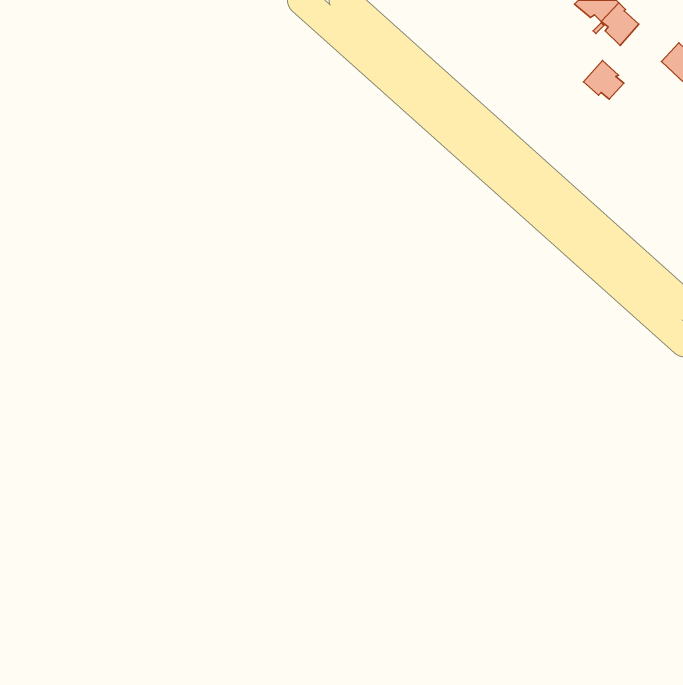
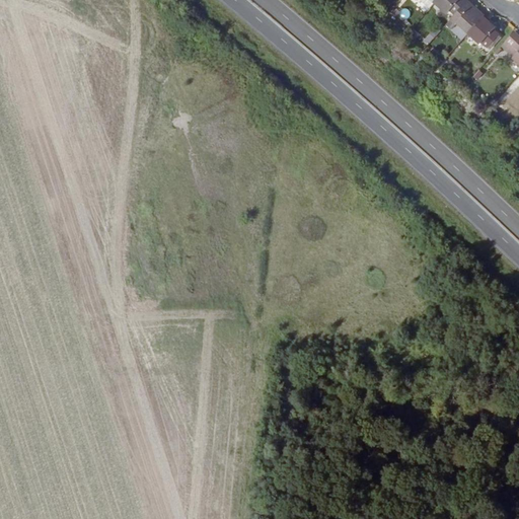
building: [584,60,624,99] -> [470,18,501,48]

